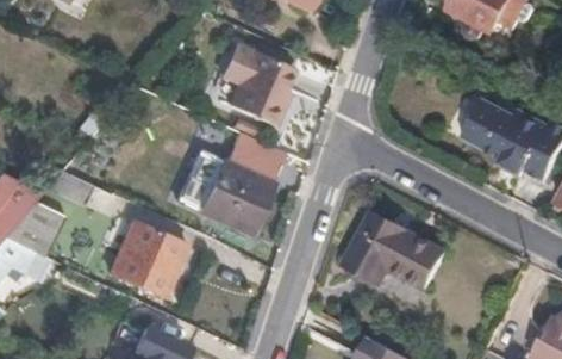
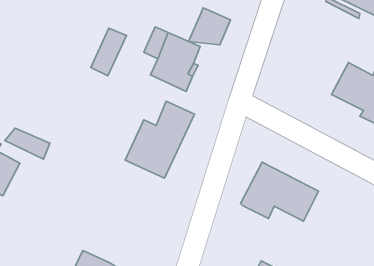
building: none -> [188,8,231,45]
building: [176,151,221,212] -> [91,28,127,76]
building: [113,222,189,296] -> none

